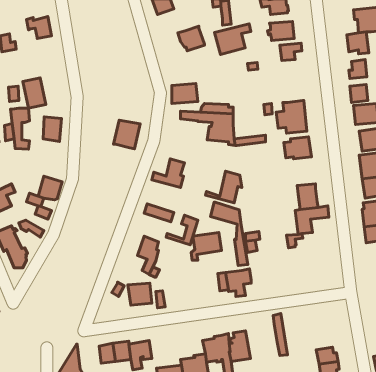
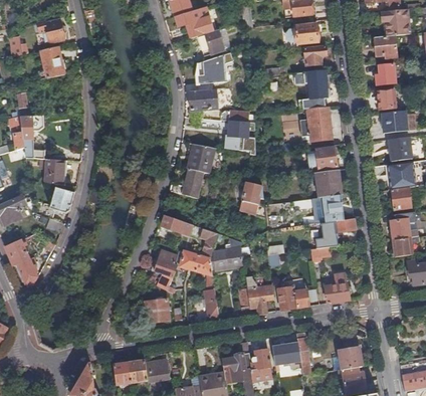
building: none -> [175,10,204,37]
building: [215,24,251,54] -> [196,52,234,84]
building: none -> [307,79,328,109]
building: [23,78,46,108] -> [39,45,63,77]
building: [43,117,61,142] -> [45,158,64,184]
building: [113,120,140,149] -> [186,143,214,173]
building: none -> [315,169,341,197]
building: [211,202,248,265] -> [179,250,218,317]
building: none -> [324,273,349,303]
building: none -> [277,286,308,309]
building: none -> [339,338,363,369]
building: none -> [272,342,300,365]

